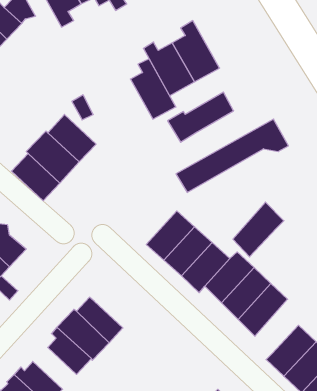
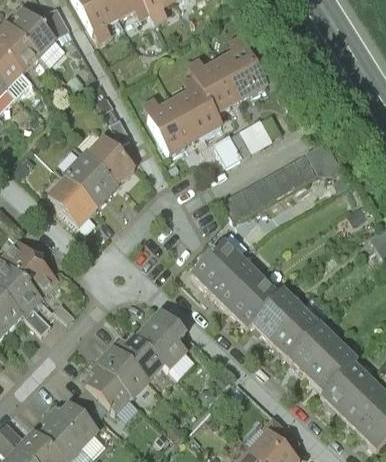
building: none -> [141,97,197,156]
building: [233,202,284,257] -> [307,334,362,393]
building: none -> [134,309,188,370]

